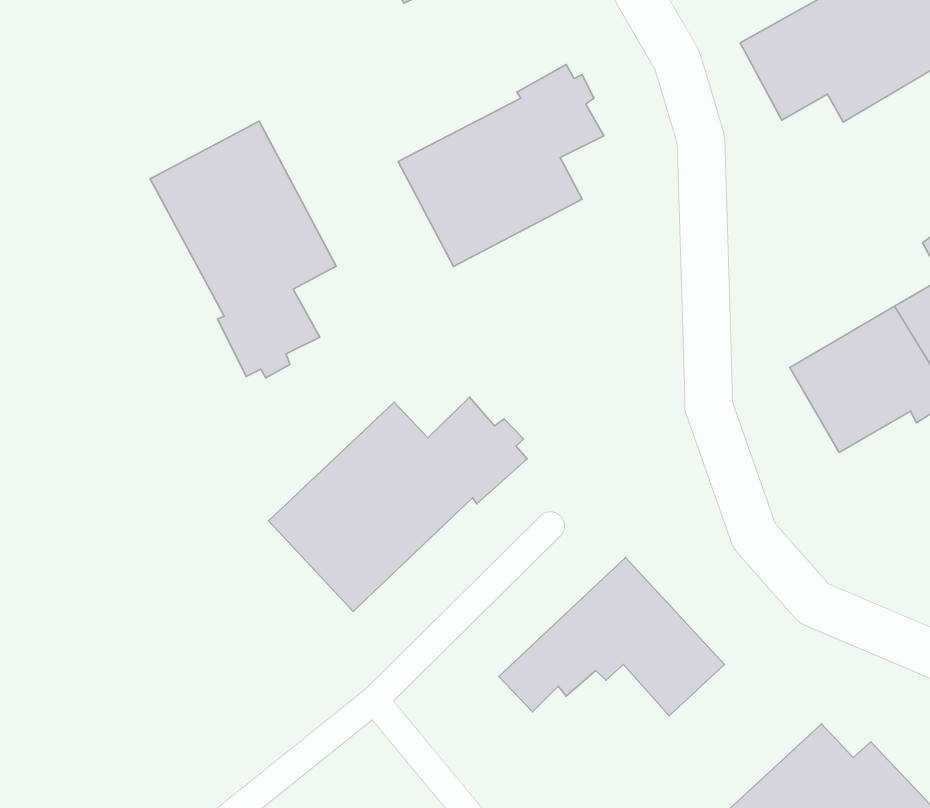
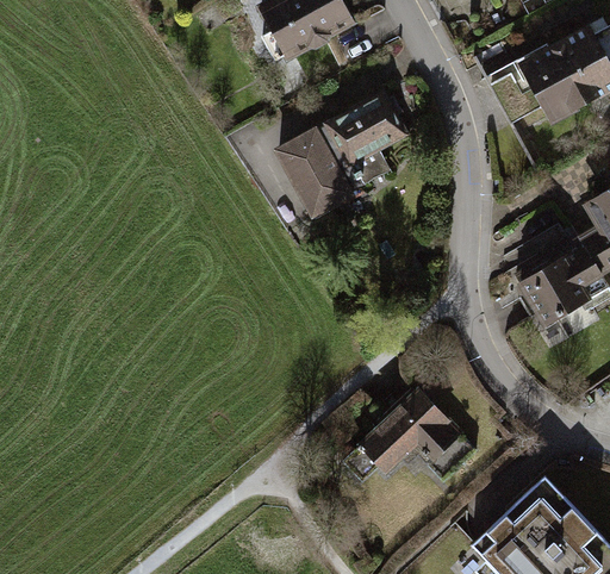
building: [150,121,336,378] -> none
building: [268,397,527,611] -> none

